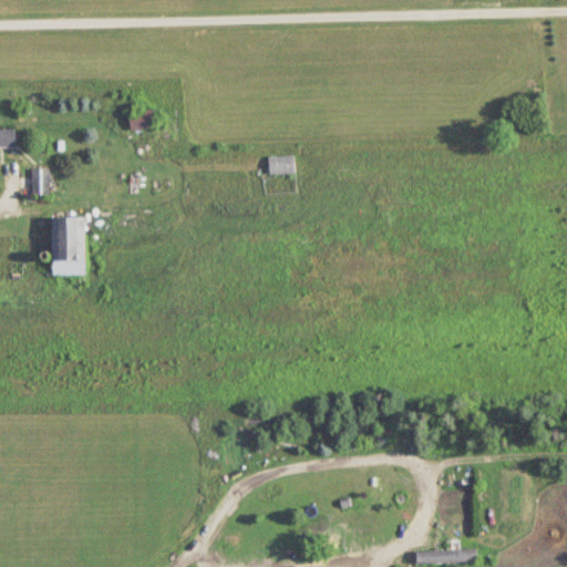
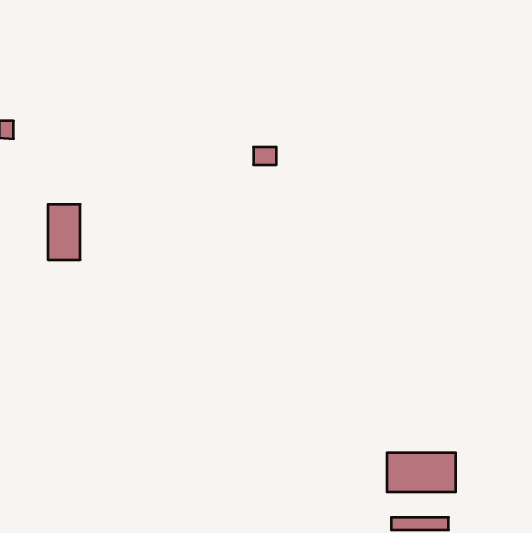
building: [32,168,50,196] -> none
building: none -> [387,453,456,492]

